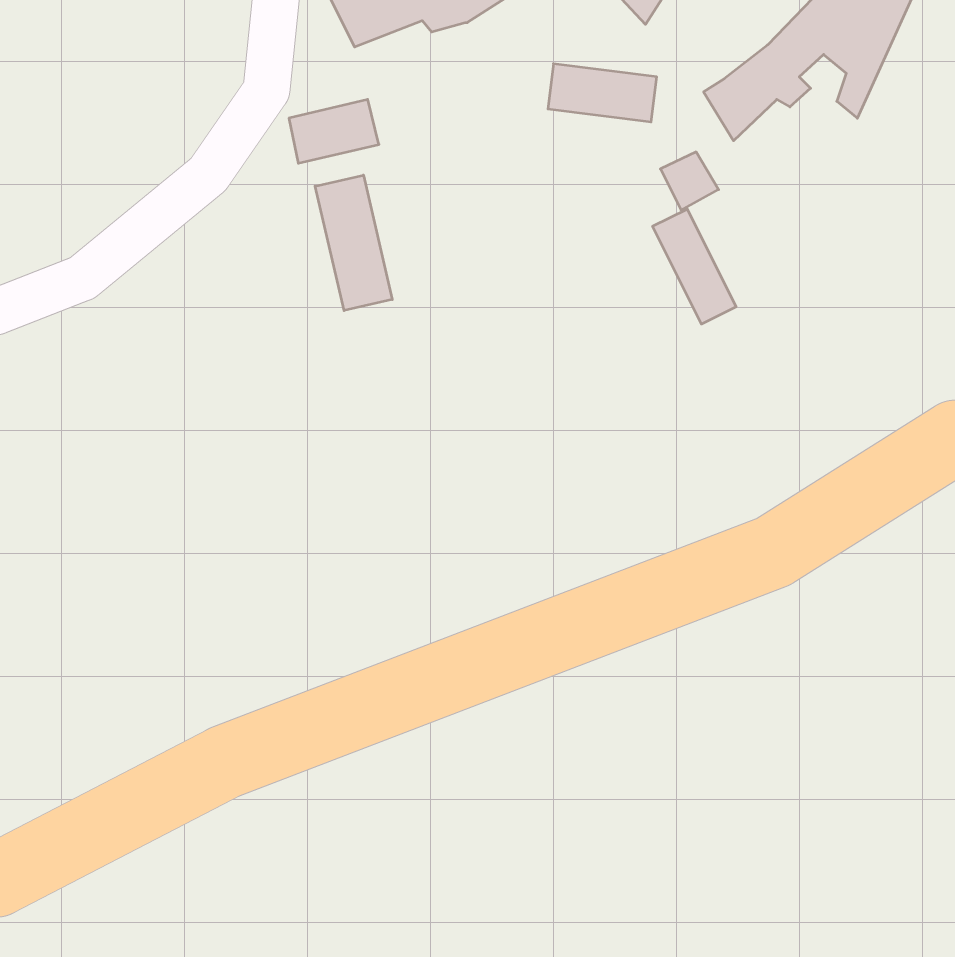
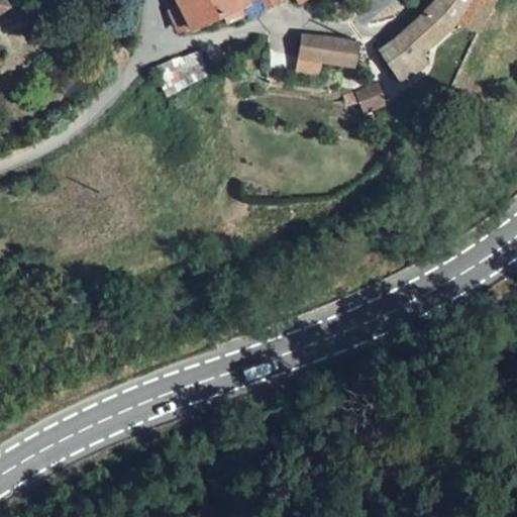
building: [315,175,392,311] -> none
building: [653,209,736,324] -> none

